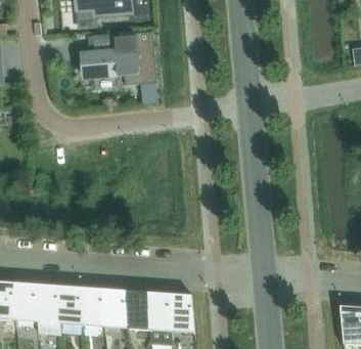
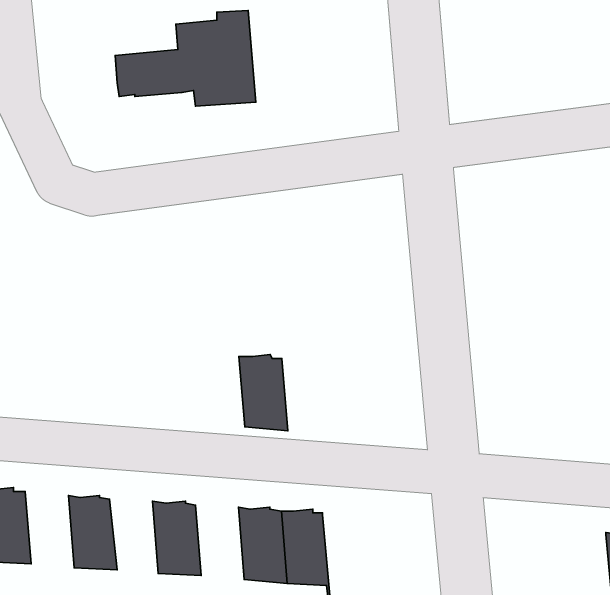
building: [36,285,61,324] -> none
building: [80,288,105,328] -> none
building: [125,291,150,331] -> [239,355,288,431]

